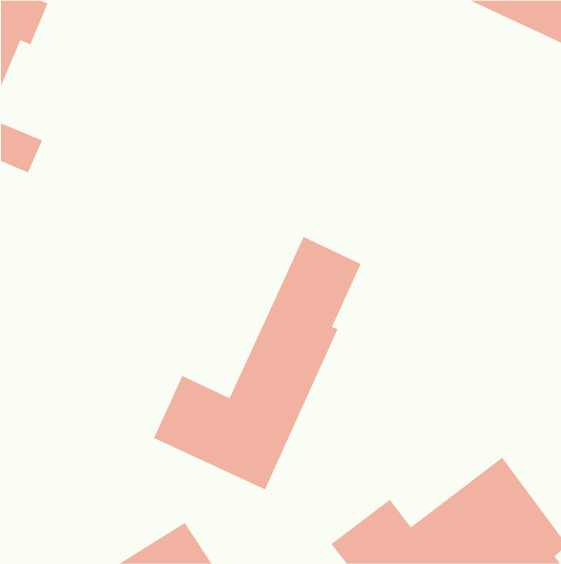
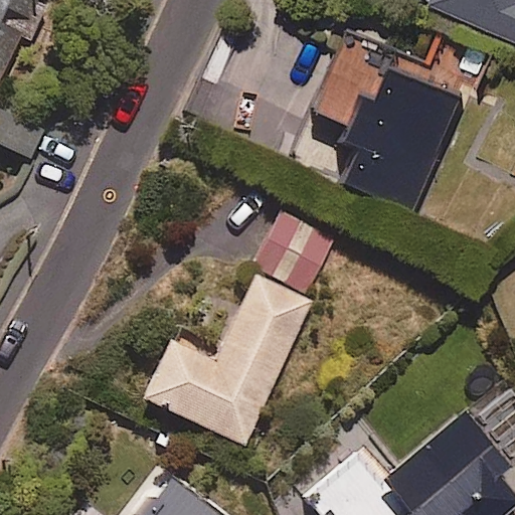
building: none -> [315,31,490,215]

